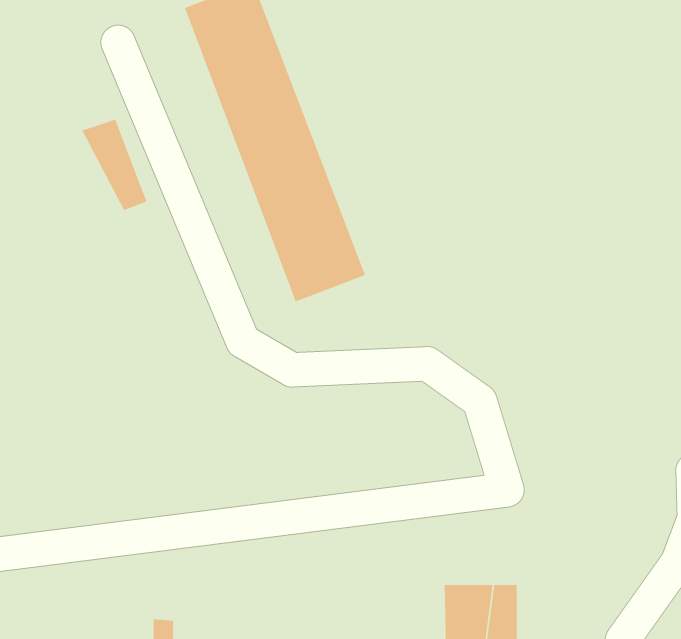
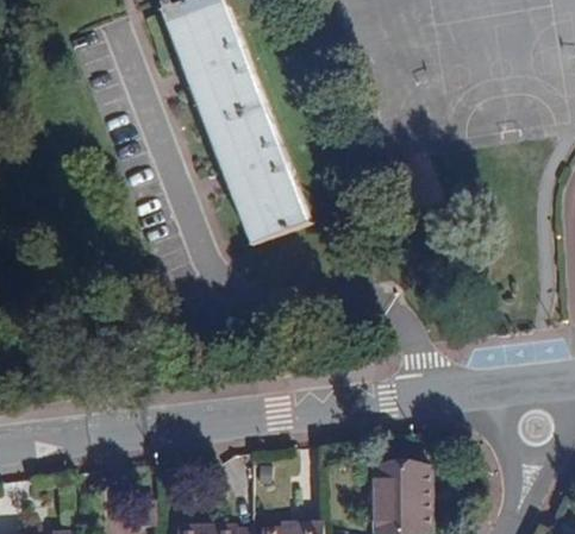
building: [81,119,147,211] -> none

